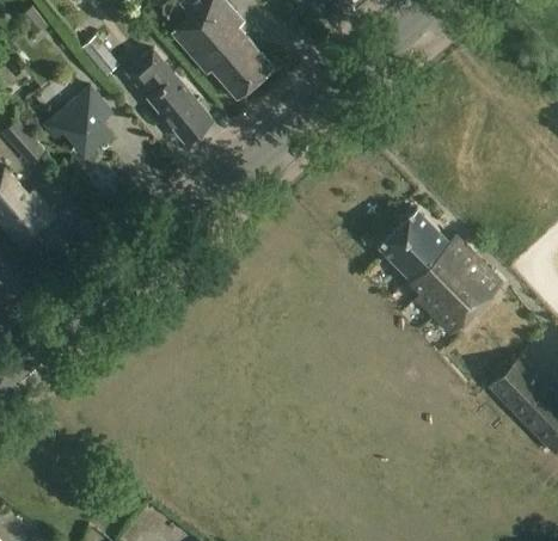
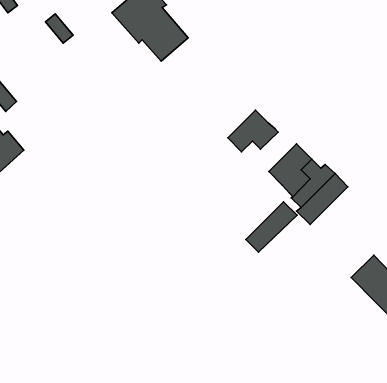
building: [124,50,213,143] -> none
building: [43,88,111,154] -> none
building: none -> [228,110,278,152]
building: [435,268,503,334] -> [246,202,297,252]

